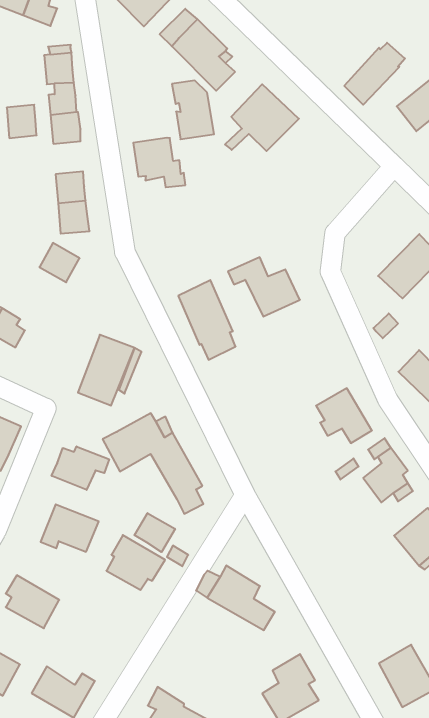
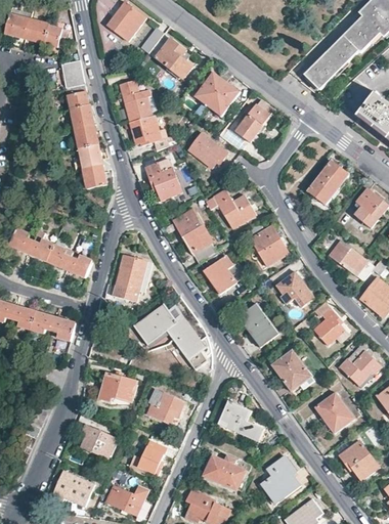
building: [344,43,405,105] -> [234,98,273,142]
building: [172,81,214,139] -> [119,80,152,121]
building: [7,105,37,138] -> [75,124,97,148]
building: none -> [187,132,227,167]
building: none -> [143,159,181,201]
building: [39,243,80,282] -> [66,252,92,277]
building: none -> [245,222,288,265]
building: none -> [202,254,241,294]
building: none -> [237,303,277,346]
building: [52,446,109,490] -> none
building: none -> [270,349,313,390]
building: [134,513,175,552] -> none
building: none -> [314,391,354,433]
building: none -> [127,439,165,474]
building: none -> [203,454,244,489]

